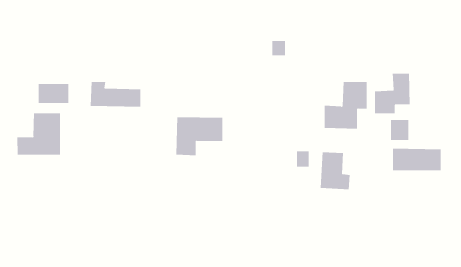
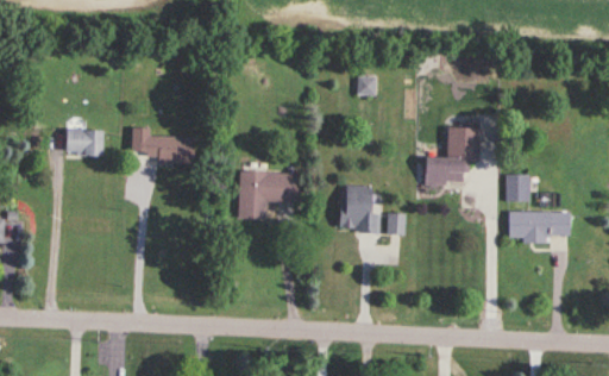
building: [374,73,410,114] -> none
building: [17,113,60,156] -> none
building: [320,152,350,190] -> [341,184,379,232]

